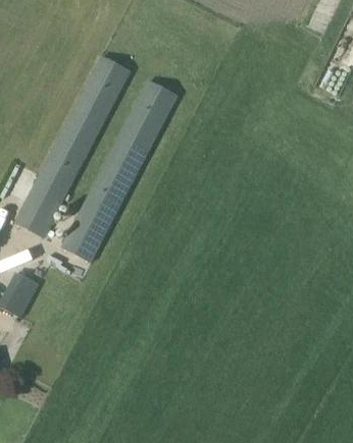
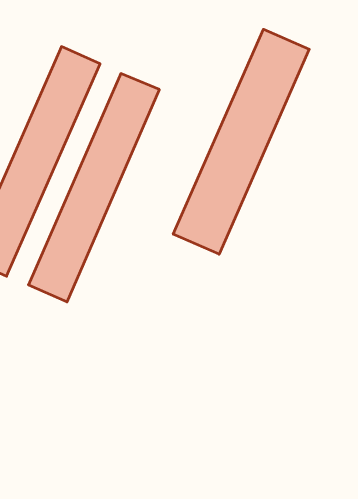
building: none -> [173,29,309,254]

